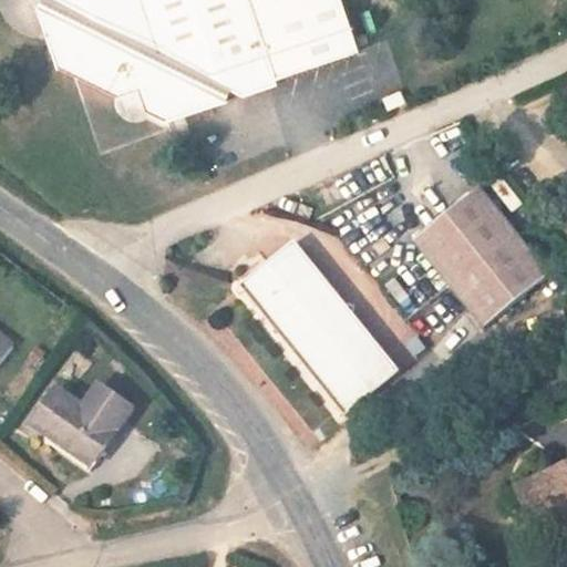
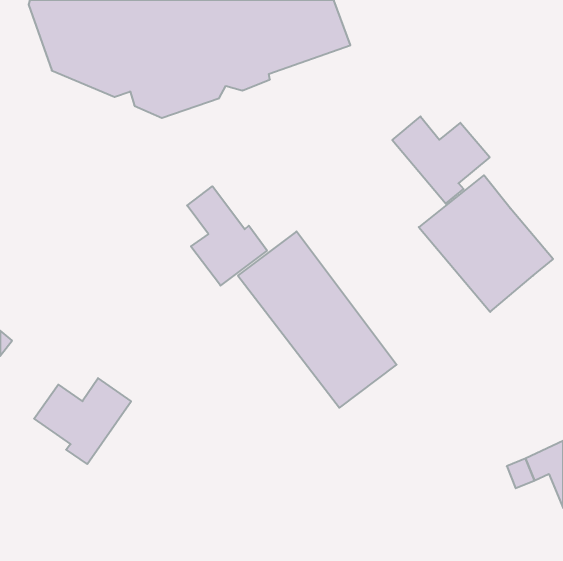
building: none -> [392,116,490,204]
building: none -> [187,186,267,286]

